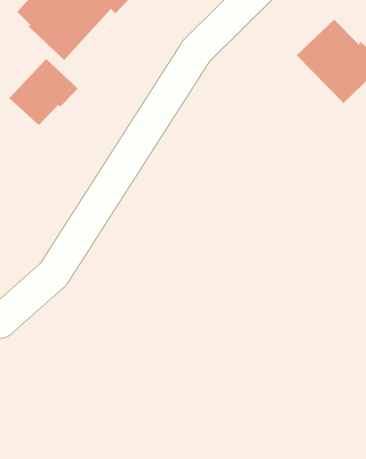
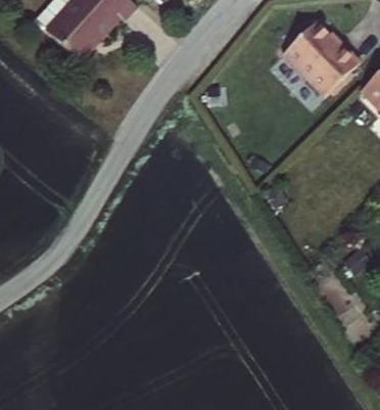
building: [8,58,79,126] -> none

